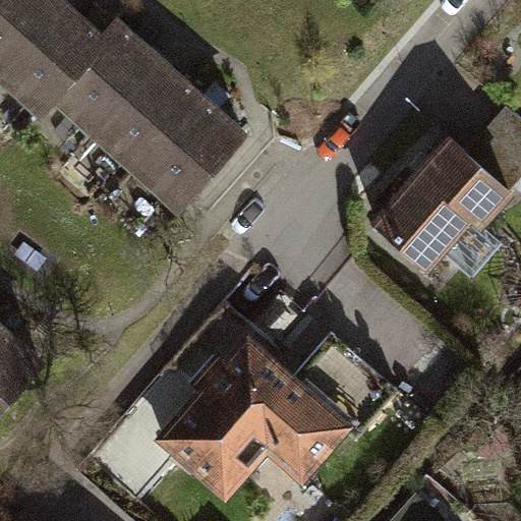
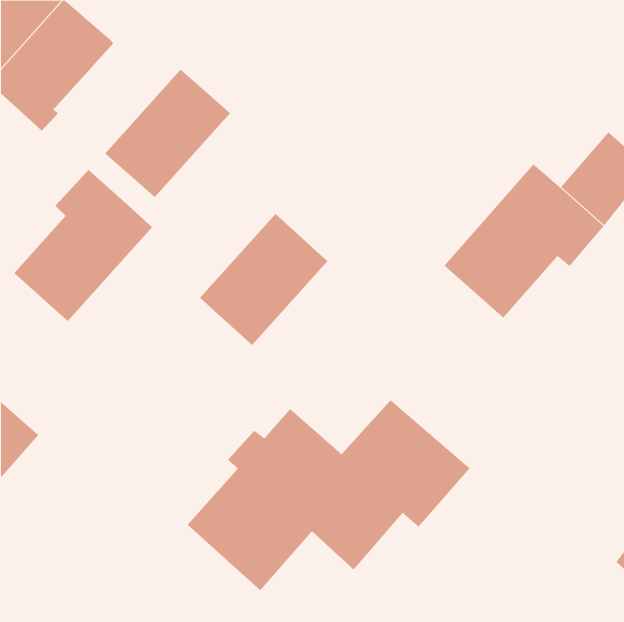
building: [48,23,153,132] -> none
building: [131,99,238,209] -> [199,213,328,346]
building: none -> [14,169,153,322]

